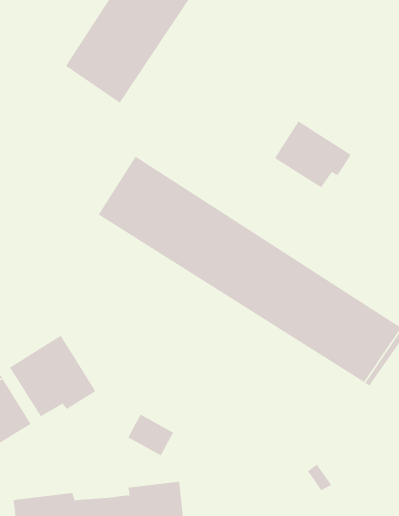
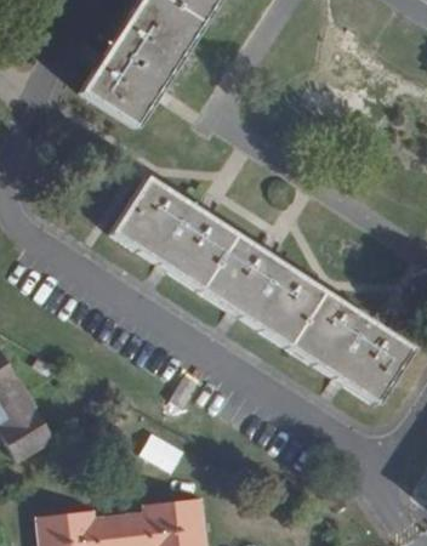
building: [274,120,351,188] -> none
building: [9,335,96,417] -> none

